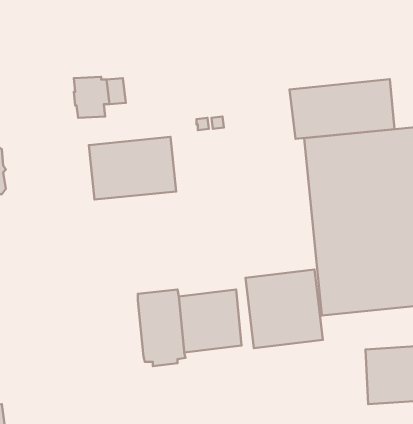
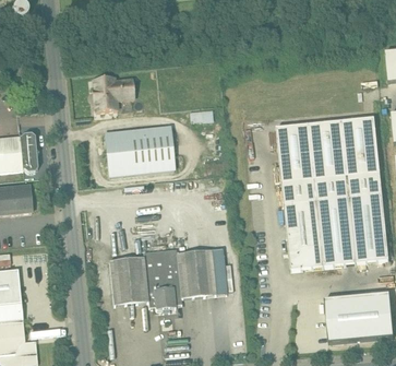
building: [289,79,394,139] -> none
building: [245,270,323,348] -> none
building: none -> [109,257,148,305]

